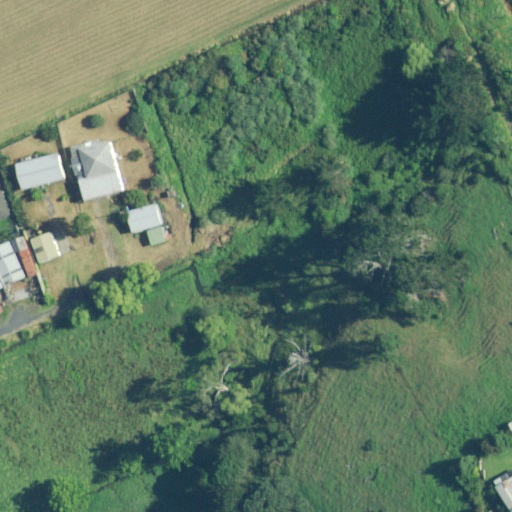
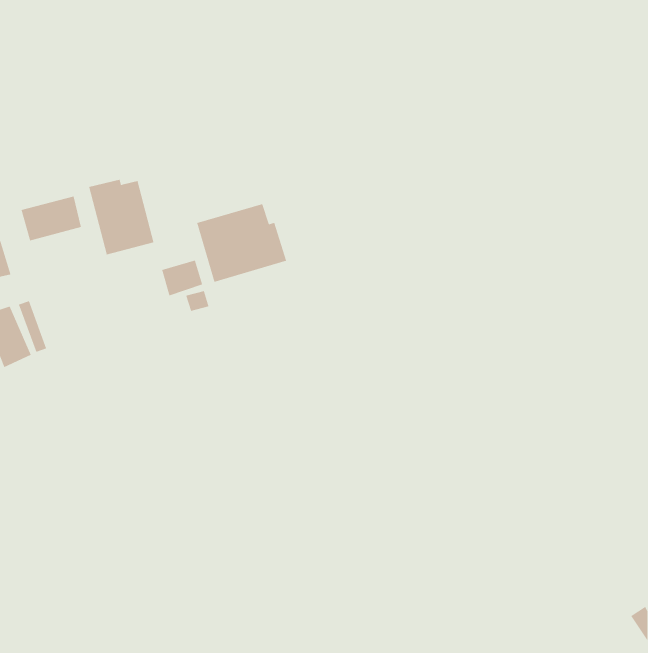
building: none -> [196,203,287,283]
building: [29,229,66,263] -> none

